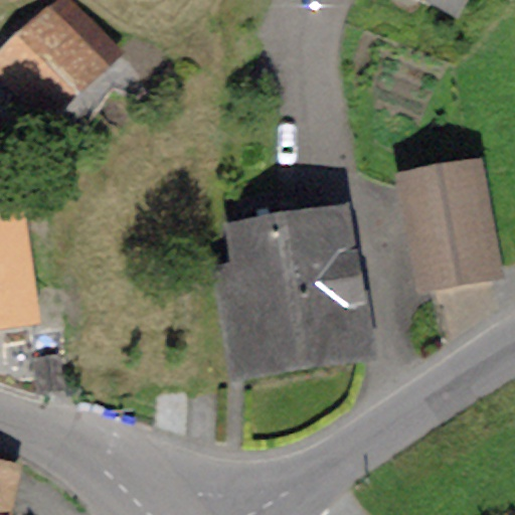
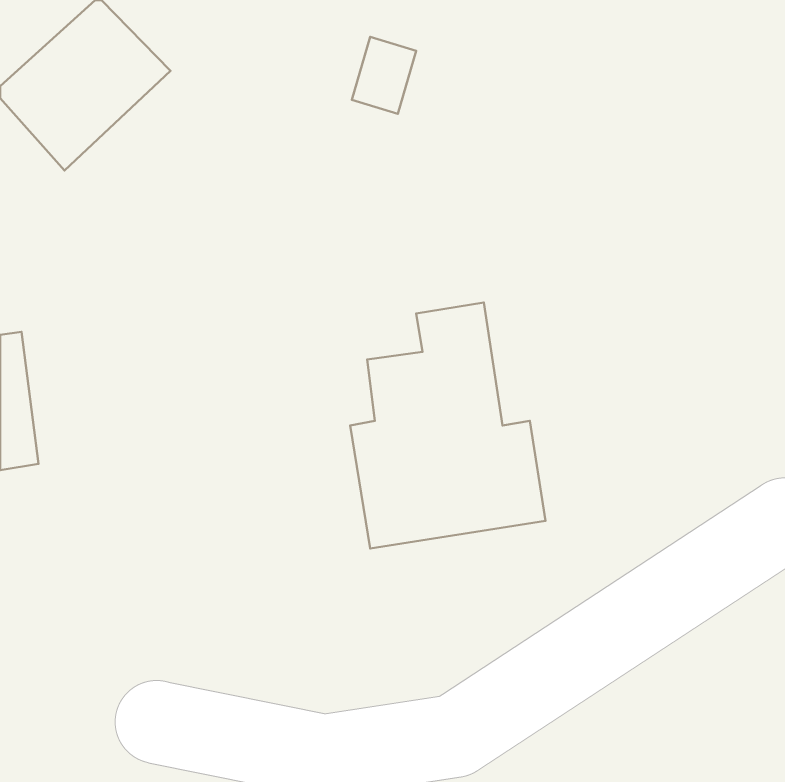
building: [409,172,487,278] -> none

